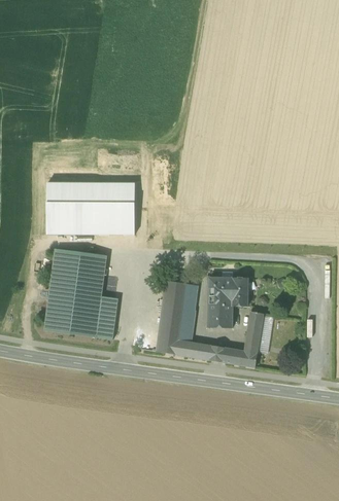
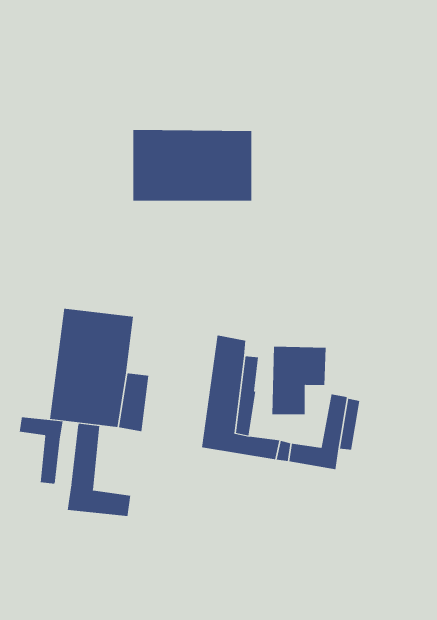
building: [46,181,134,234] -> [133,129,252,201]
building: none -> [19,416,63,485]
building: none -> [67,423,131,517]

